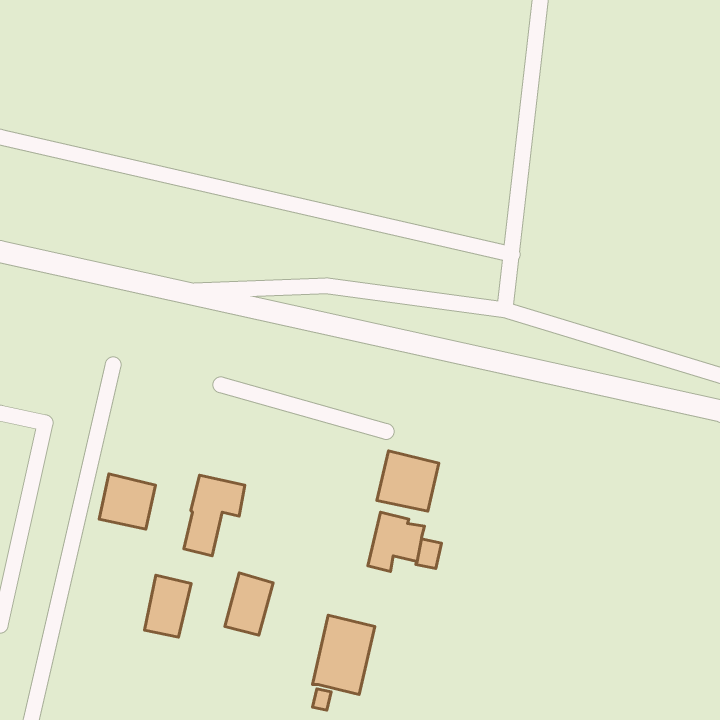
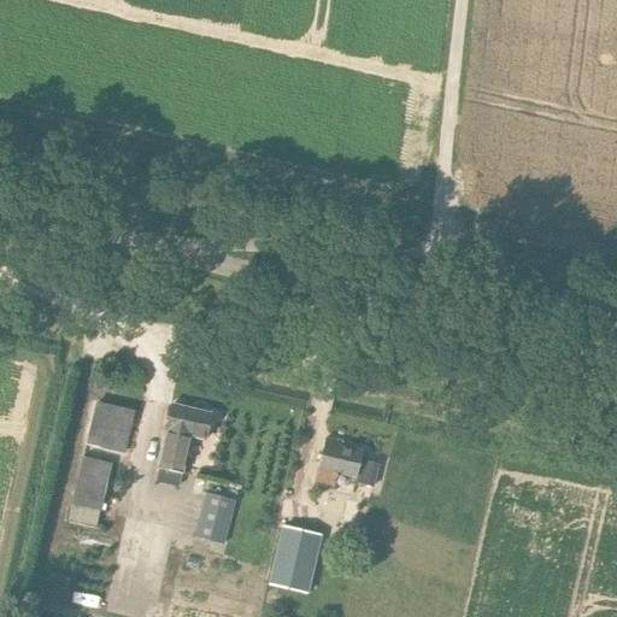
building: [377,451,439,511] -> none
building: [145,575,191,637] -> [74,456,113,509]

